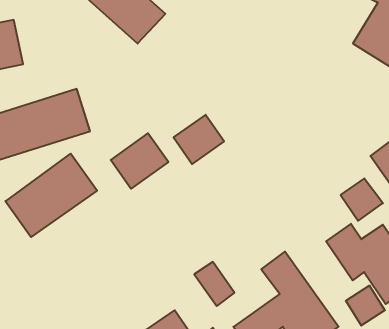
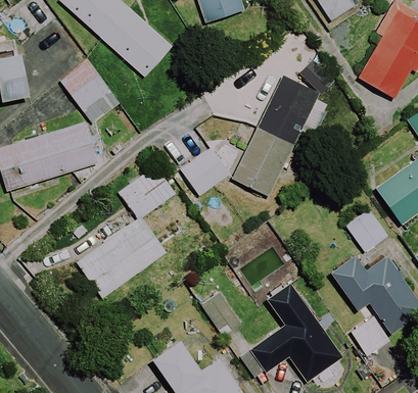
building: none -> [60,58,121,124]
building: none -> [232,75,321,196]
building: [5,154,97,237] -> [77,215,168,298]

